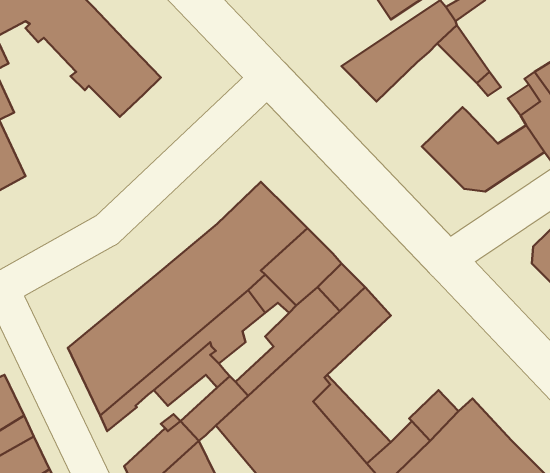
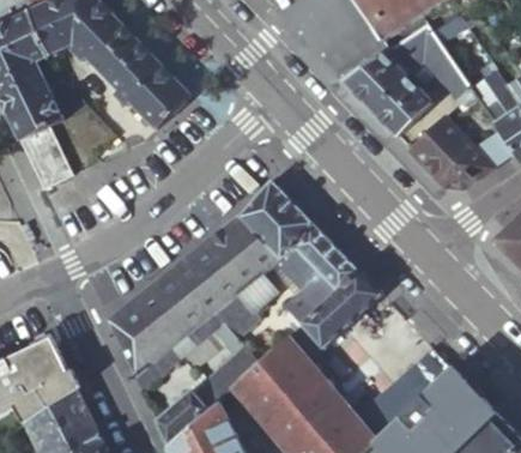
building: none -> [370,78,430,137]

